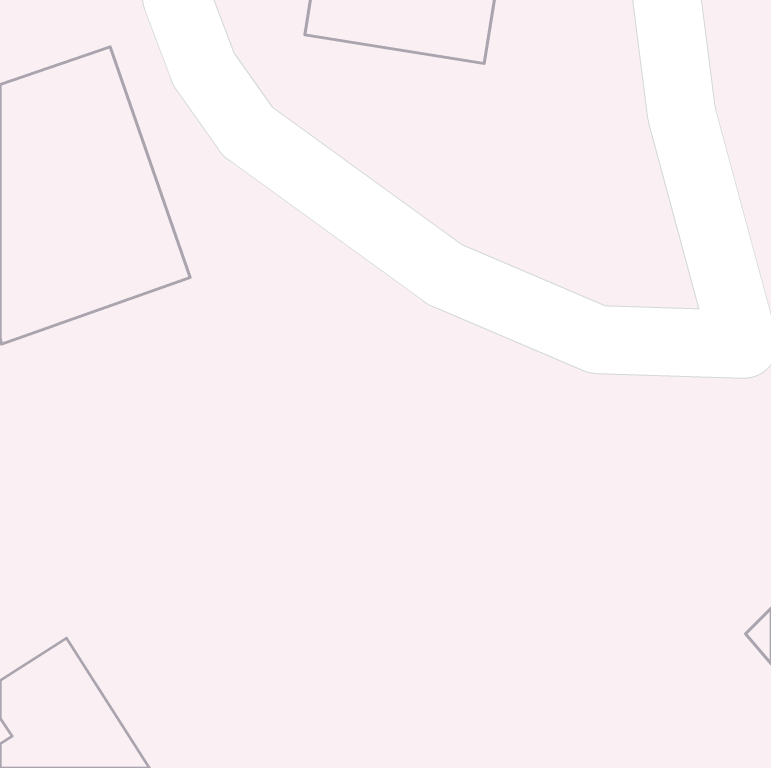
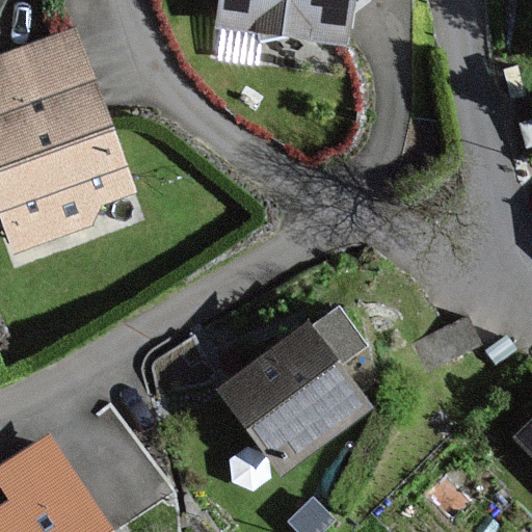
building: none -> [214,320,372,476]

